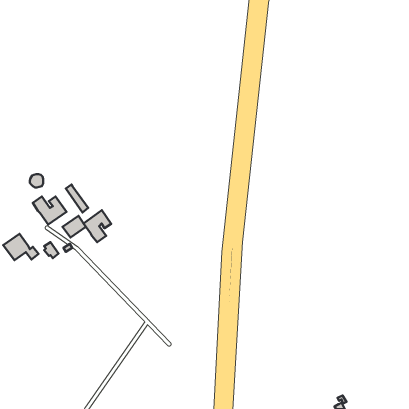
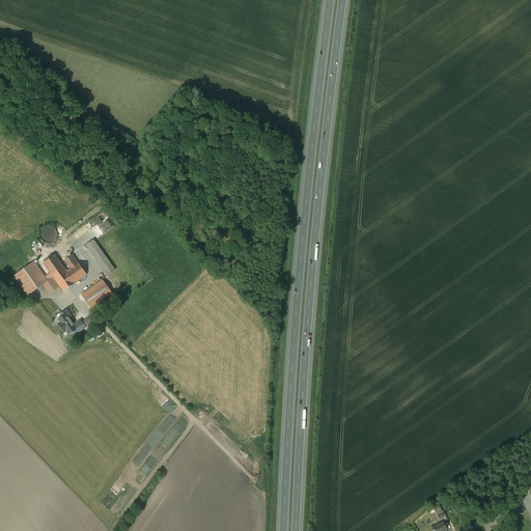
building: [84,210,111,242] -> none
building: [3,234,39,260] -> [12,260,58,295]

